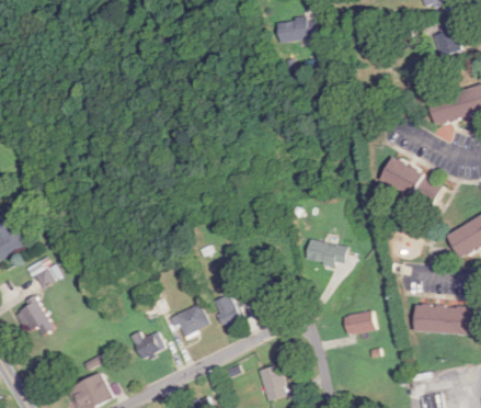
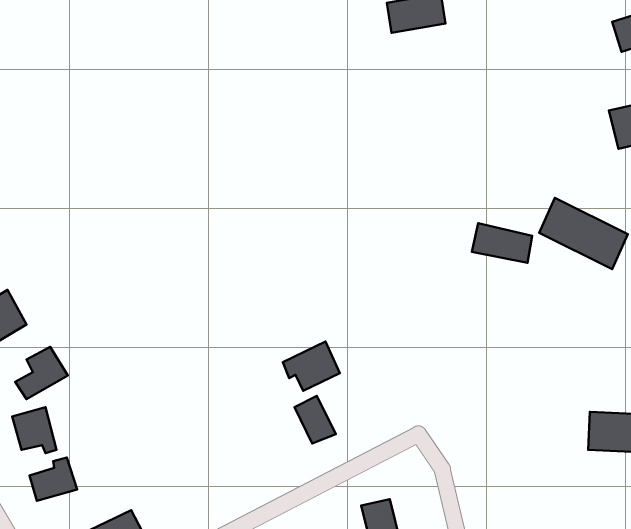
building: [305,239,346,267] -> [472,223,532,263]
building: [169,304,208,338] -> [283,342,340,391]
building: [342,311,374,336] -> none
building: [129,331,161,358] -> none
building: none -> [30,457,77,501]

